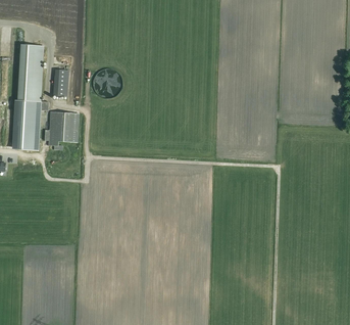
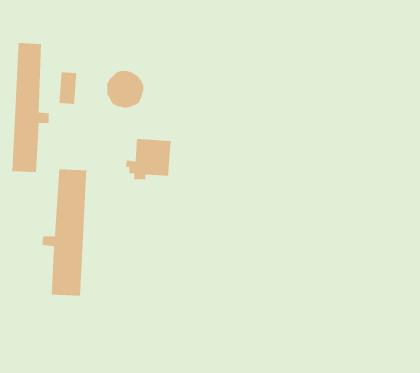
building: [41,111,79,145] -> [125,138,172,180]
building: none -> [42,169,87,297]

